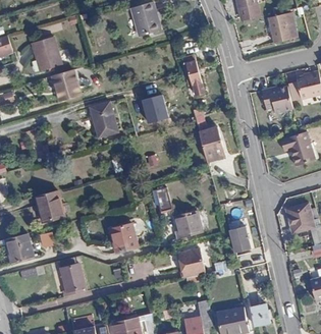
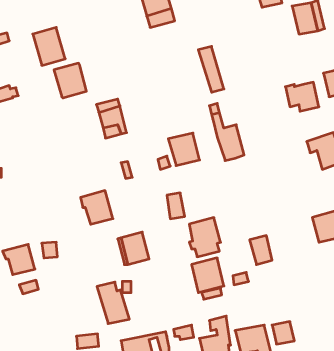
building: [141,93,169,122] -> [168,133,200,166]
building: [35,190,64,221] -> [81,191,113,224]
building: [57,257,87,294] -> [97,282,129,324]

